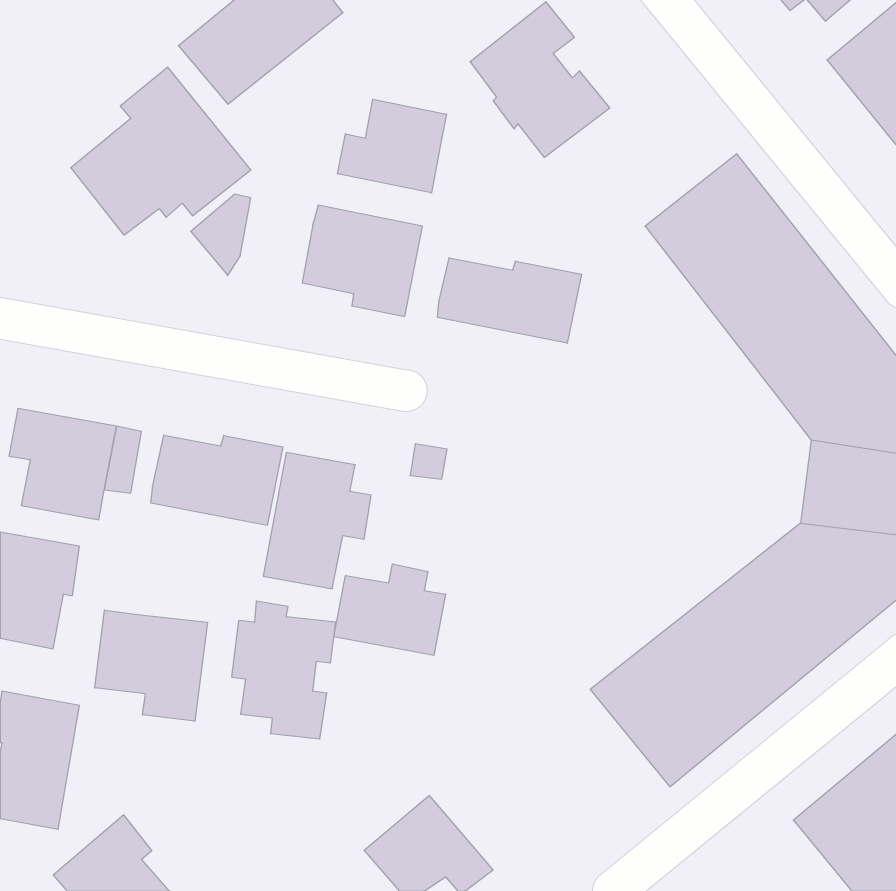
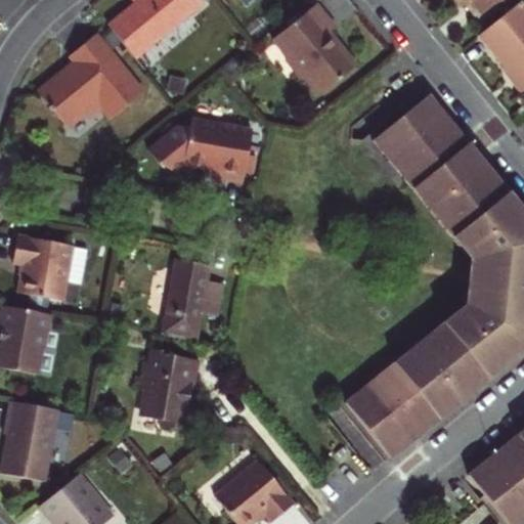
building: [338,99,447,193] -> none
building: [191,194,251,276] -> [150,128,185,175]
building: [438,258,582,343] -> none
building: [151,435,283,525] -> none
building: [334,564,446,655] -> none
building: [95,610,207,721] -> none

